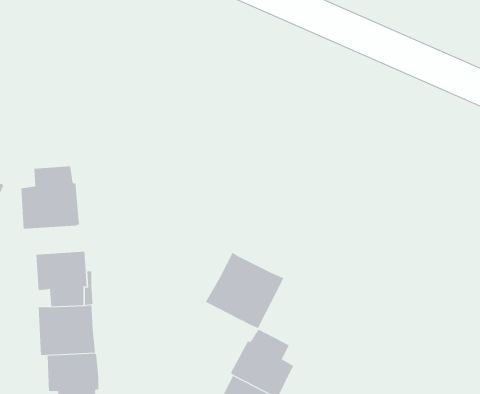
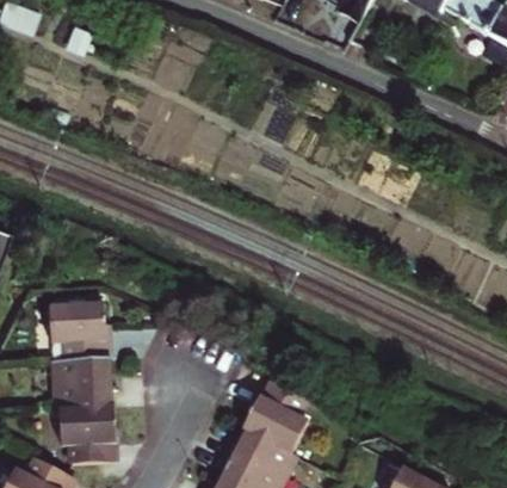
building: [21,166,79,230] -> none
building: [205,252,284,329] -> none

